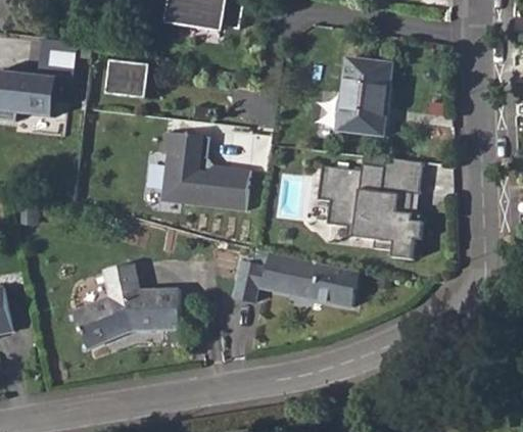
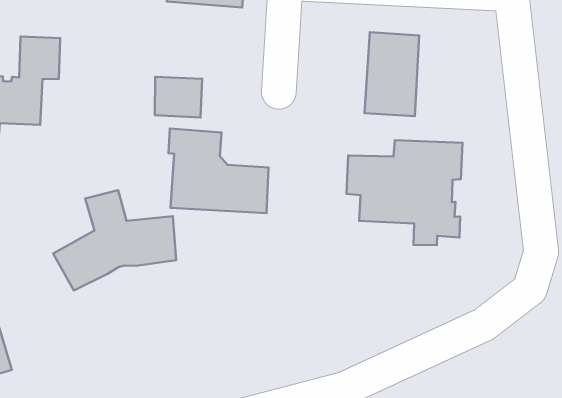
building: [103,59,147,98] -> [155,77,202,118]
building: [231,252,355,307] -> none
building: [72,263,179,348] -> [53,190,176,290]

